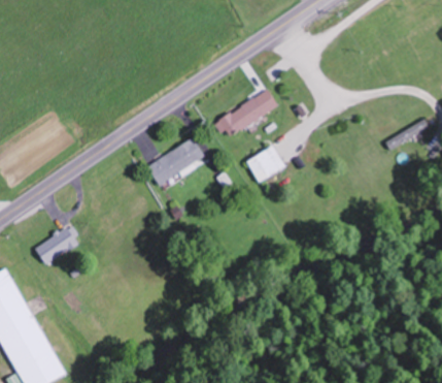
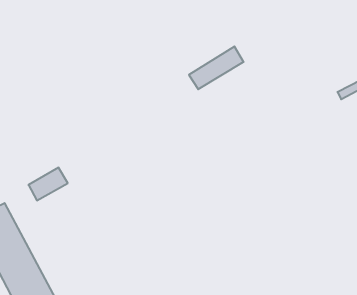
building: [148,138,205,185] -> none
building: [247,147,285,182] -> none

